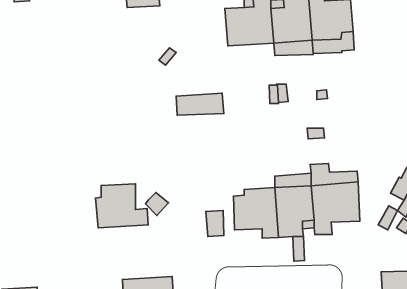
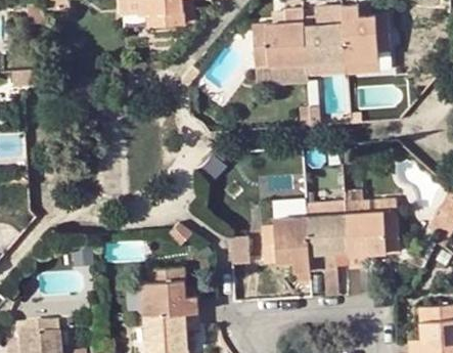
building: [176,93,224,115] -> [256,62,307,86]
building: [95,184,148,228] -> [140,268,196,315]

